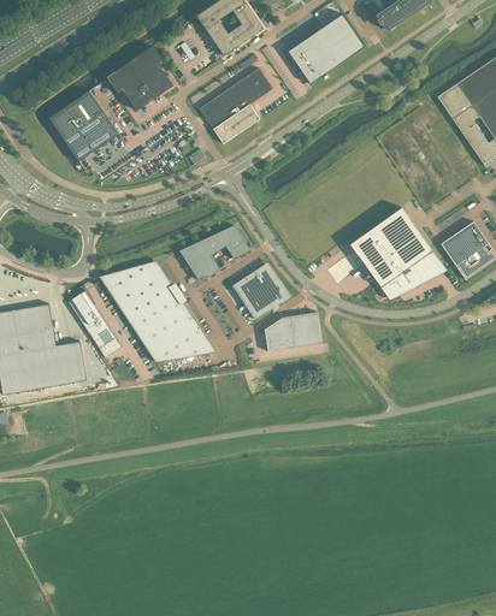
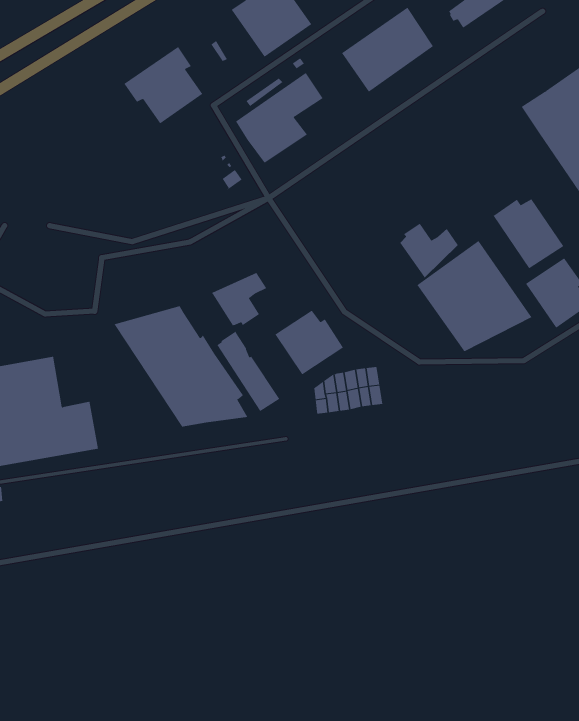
building: [49,91,119,161] -> none
building: none -> [493,199,564,269]
building: none -> [399,223,459,279]
building: [218,225,250,260] -> none
building: [69,290,122,357] -> [216,331,280,412]

